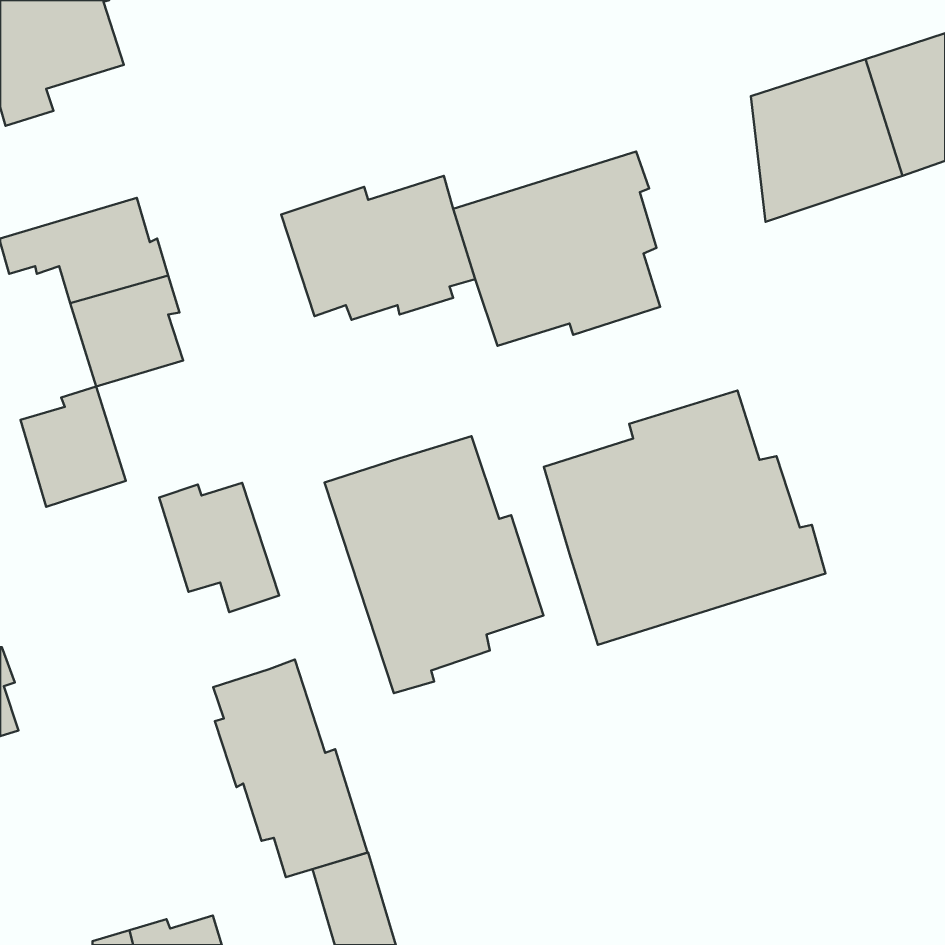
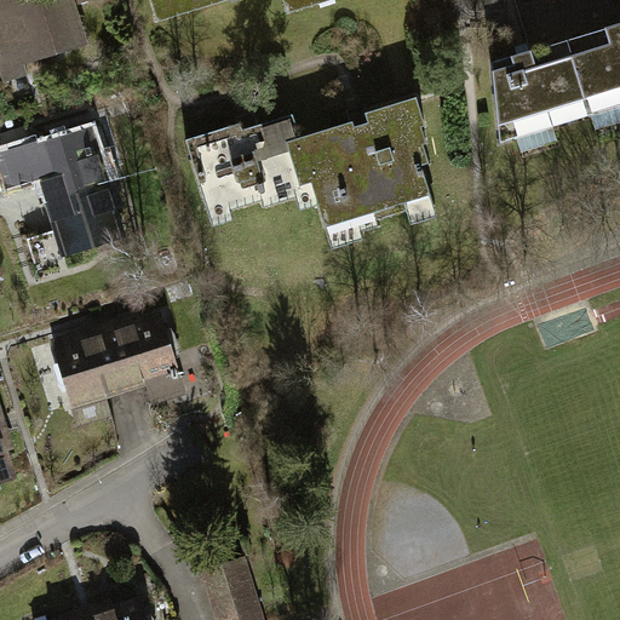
building: [20,387,126,507] -> [54,326,124,404]
building: [544,391,825,645] -> none
building: [325,436,543,693] -> none
building: [213,659,368,877] -> none

